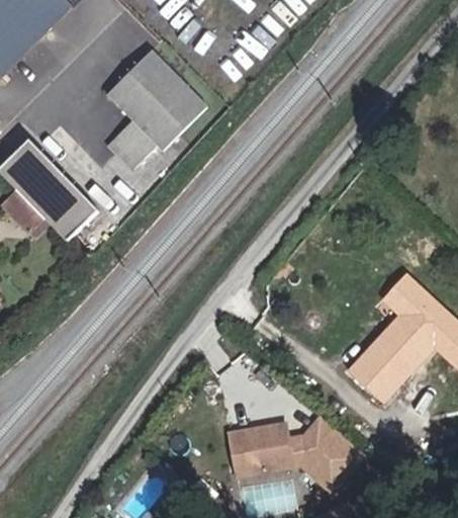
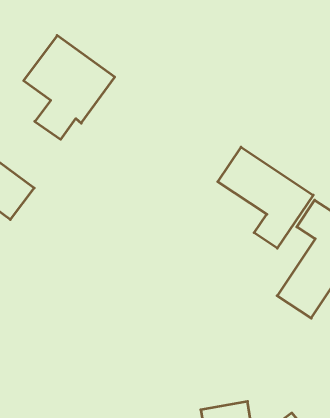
building: none -> [218,147,313,248]
building: [226,417,362,490] -> none

